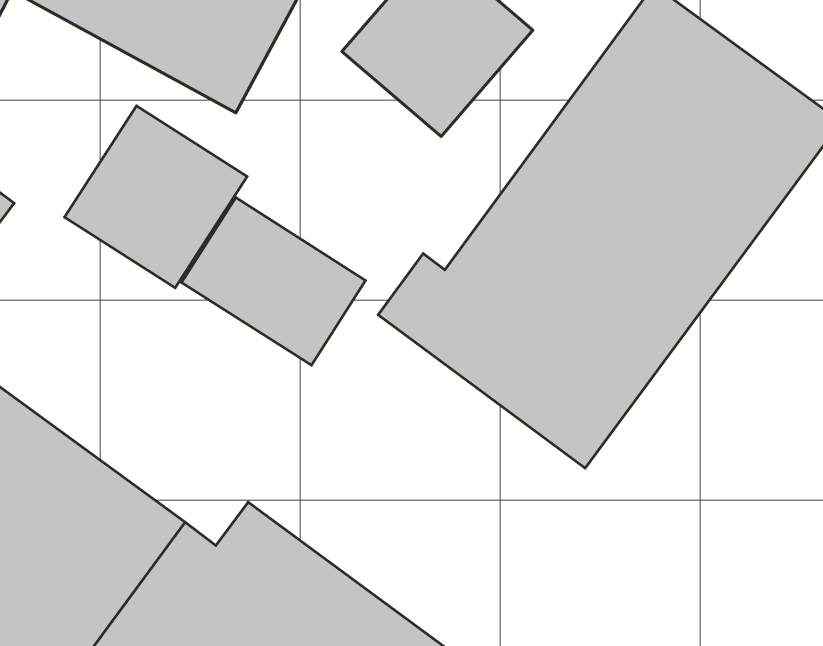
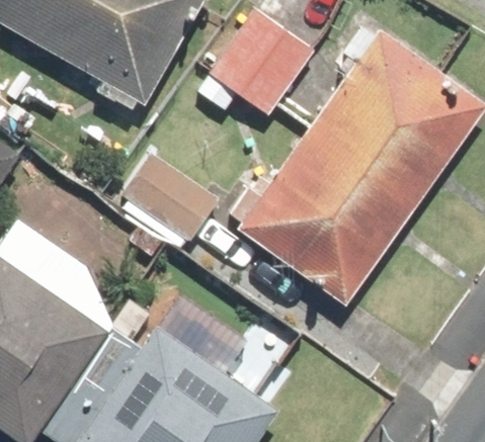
building: [65,106,247,288] -> none

